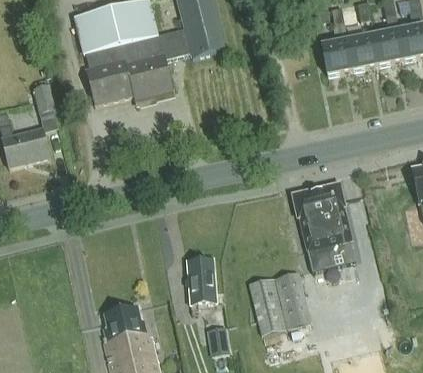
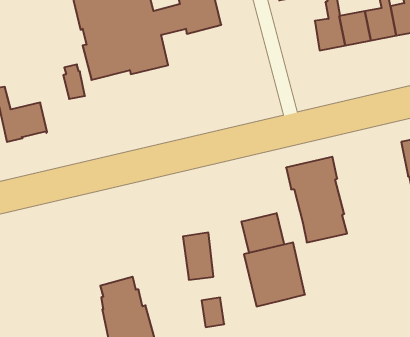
building: [33,77,55,112] -> [63,64,85,99]
building: none -> [242,213,284,253]

